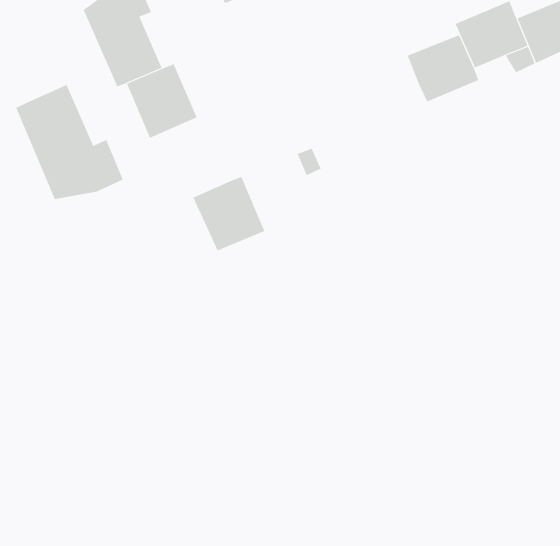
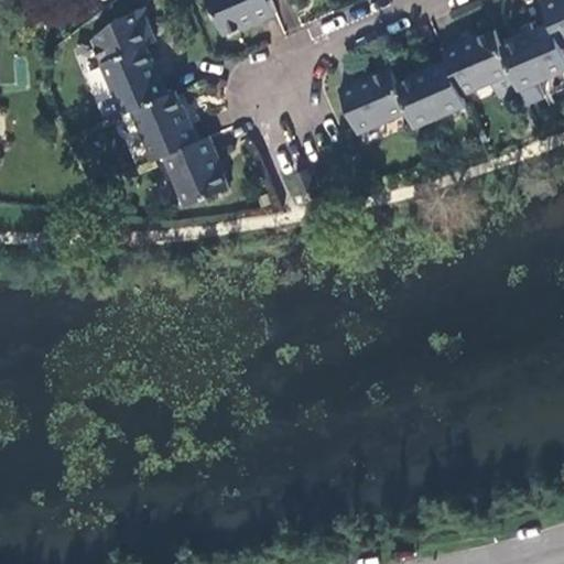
building: none -> [337,67,405,132]
building: [15,84,123,200] -> none
building: [193,176,265,251] -> [162,137,230,207]

